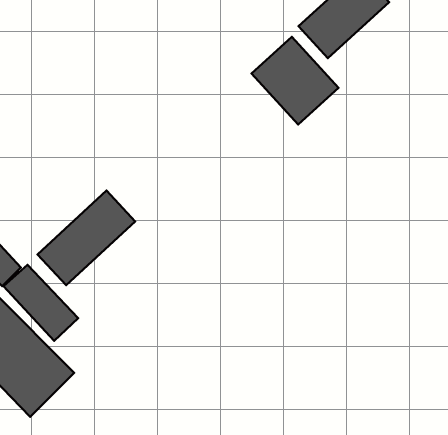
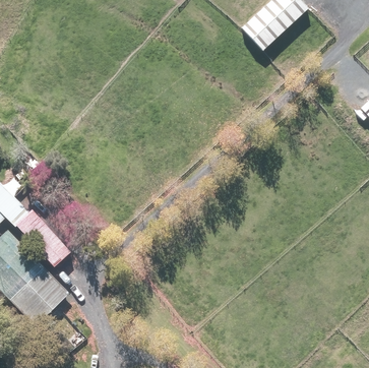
building: [252,37,338,125] -> none
building: [38,191,135,285] -> none

